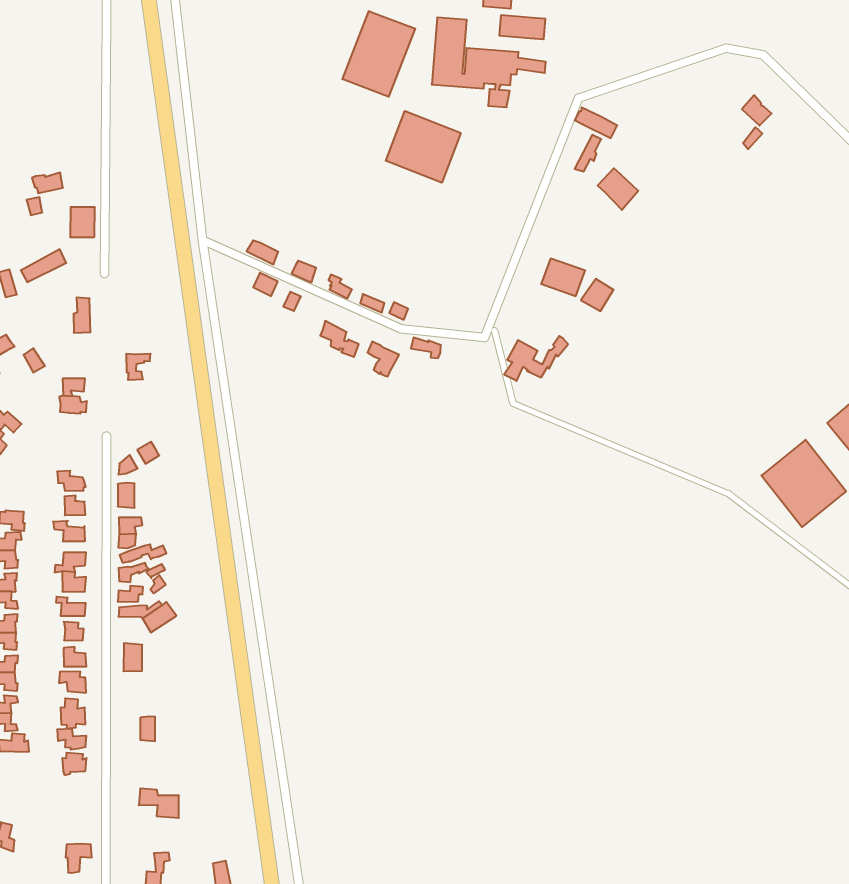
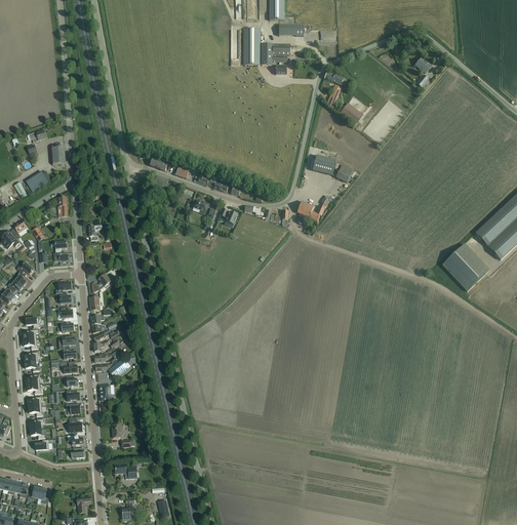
building: [342,11,415,97] -> none
building: [386,111,461,183] -> none

